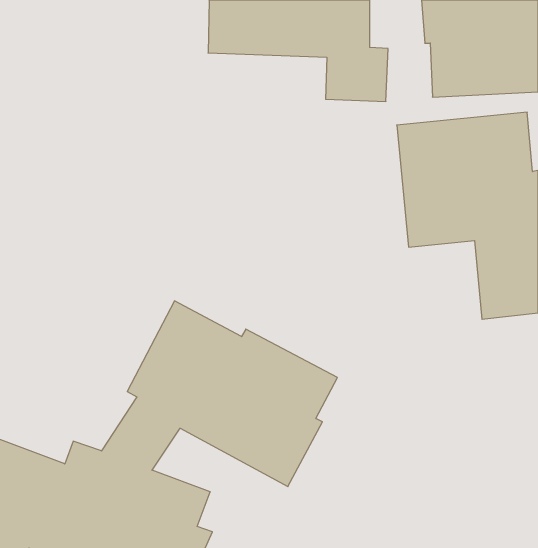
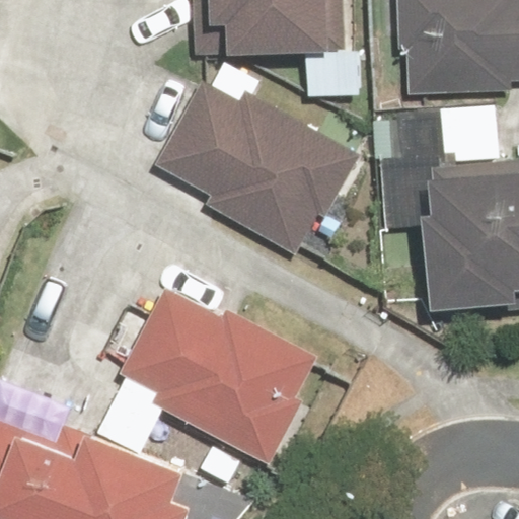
building: none -> [157,78,362,255]

